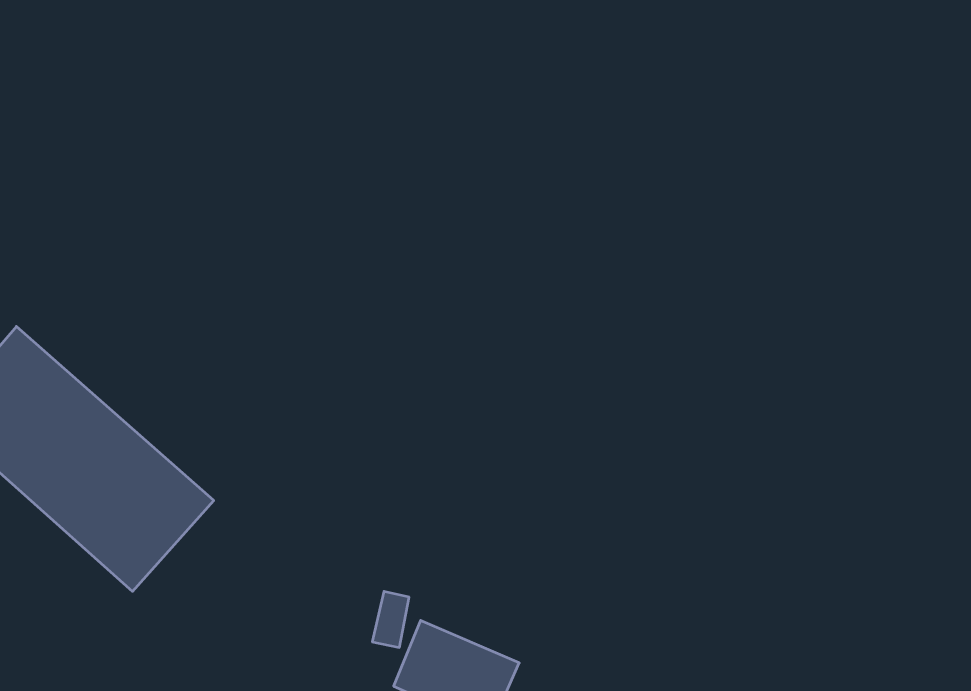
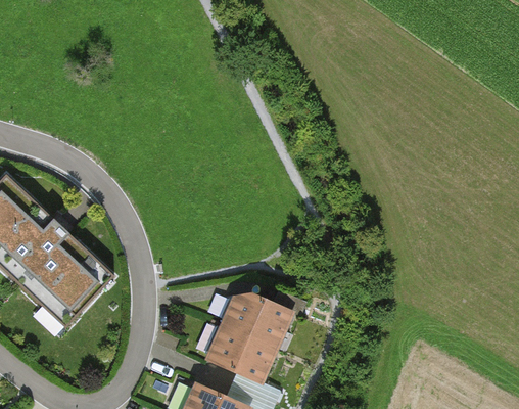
building: none -> [223,291,290,351]

